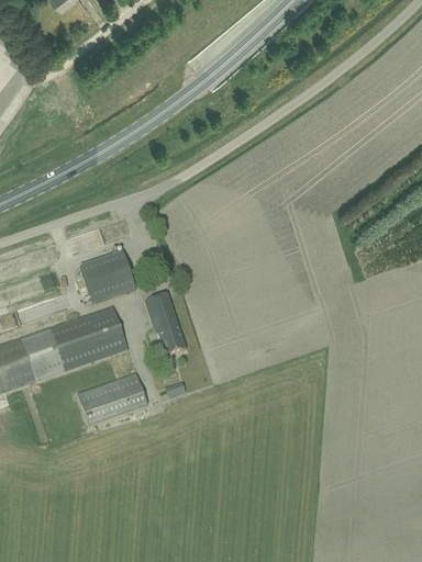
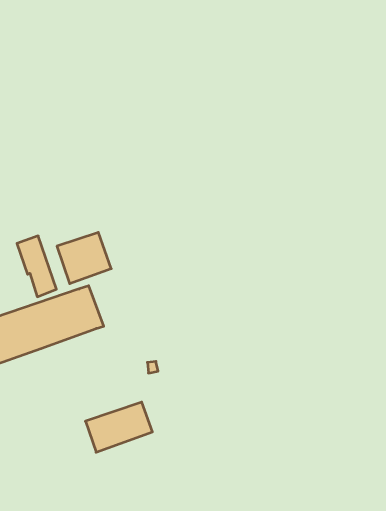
building: [145,293,186,356] -> [17,236,56,297]
building: [78,373,147,425] -> [85,402,152,452]

